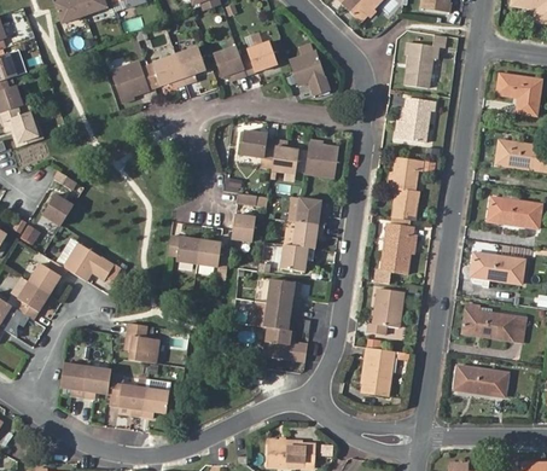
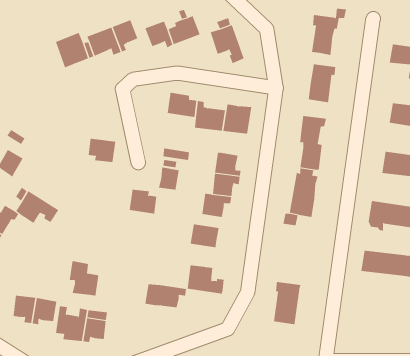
building: [167,237,199,264] -> [88,138,116,163]
building: [366,286,402,333] -> none
building: [248,302,296,330] -> [145,284,187,308]
building: [454,366,507,399] -> none

